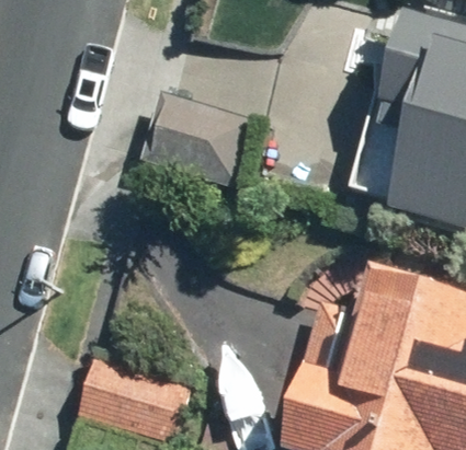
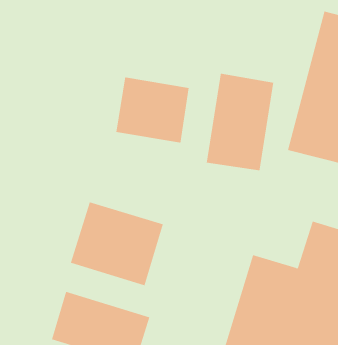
building: none -> [206,73,274,171]
building: none -> [70,202,163,286]

